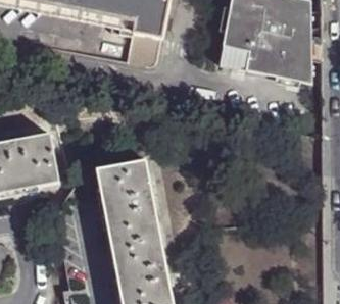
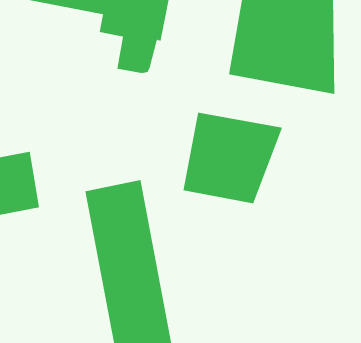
building: none -> [183,112,283,204]

